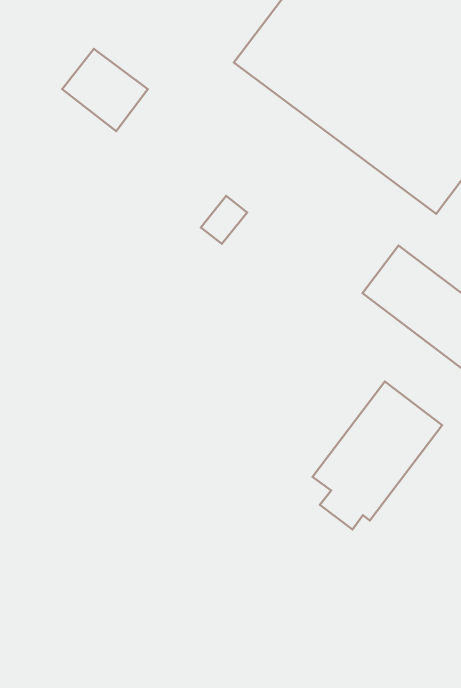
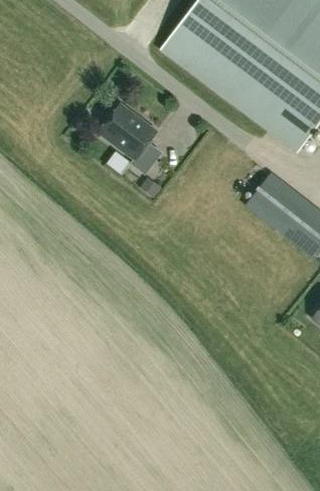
building: [62,49,148,131] -> [100,104,157,159]
building: [313,382,442,529] -> none

